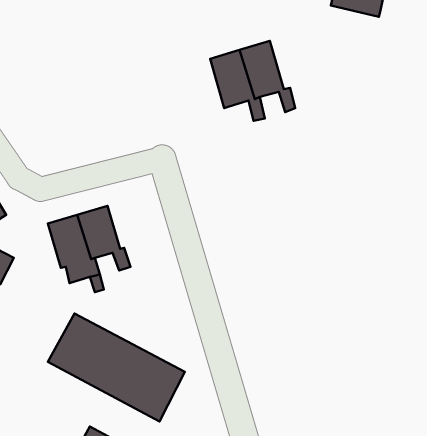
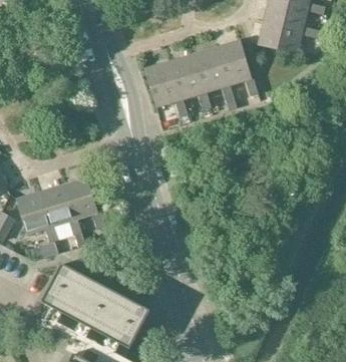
building: none -> [258,19,319,53]
building: none -> [216,40,258,96]
building: none -> [144,61,188,117]
building: none -> [16,192,57,241]

